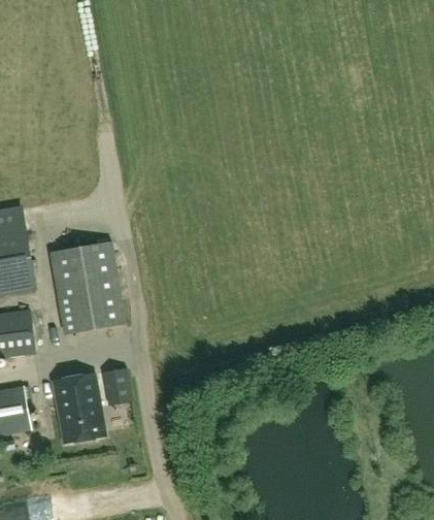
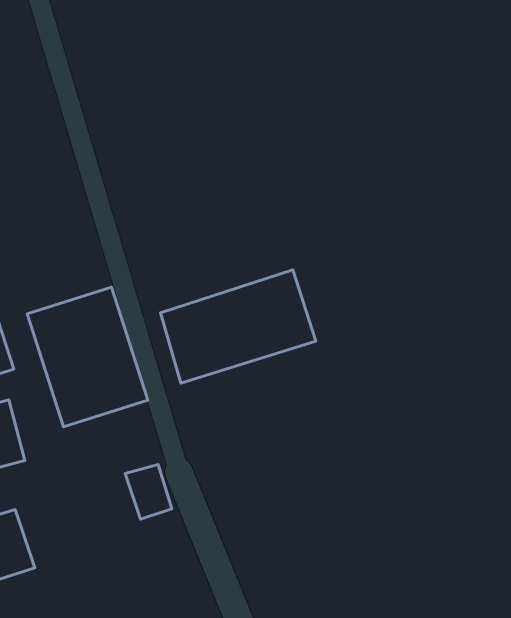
building: none -> [160,270,316,383]
building: [55,373,104,442] -> none

